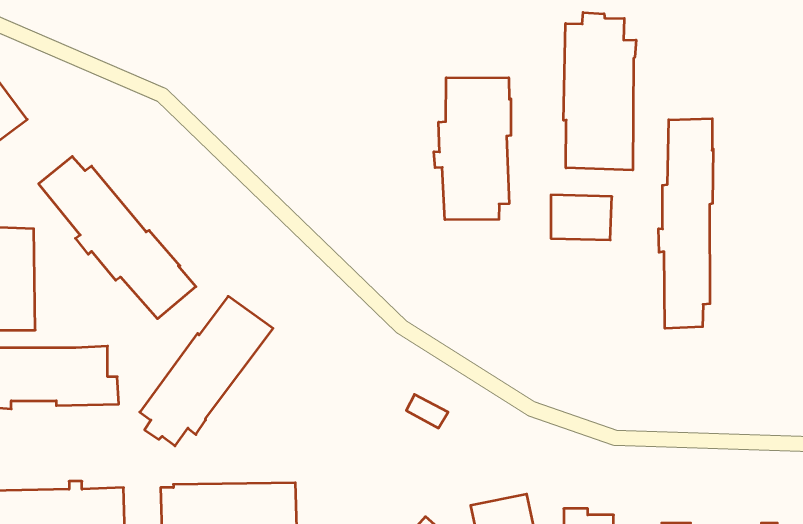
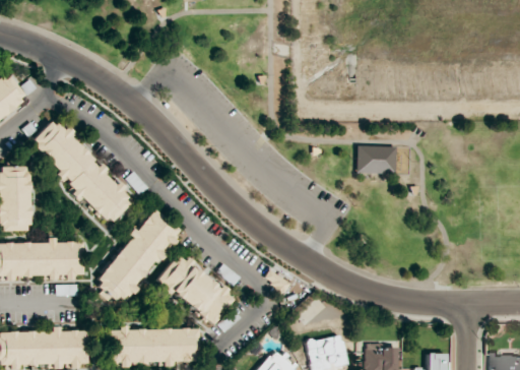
building: [564,12,636,170] -> none
building: [434,78,511,220] -> none
building: [659,119,713,328] -> none
building: none -> [155,254,233,324]

